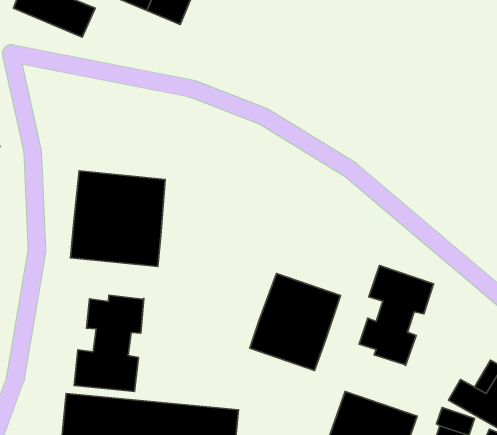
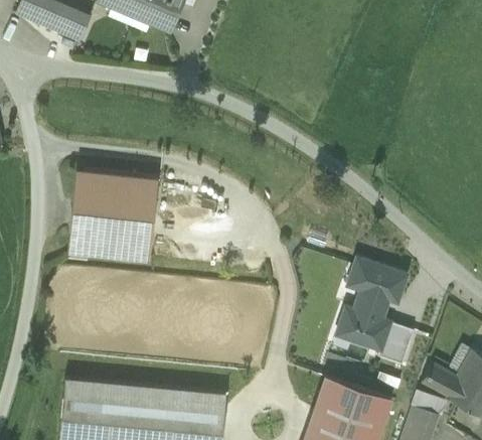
building: [250,273,340,370] -> none
building: [74,295,144,392] -> none
building: none -> [379,323,416,364]

